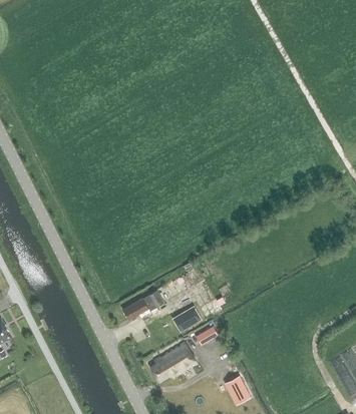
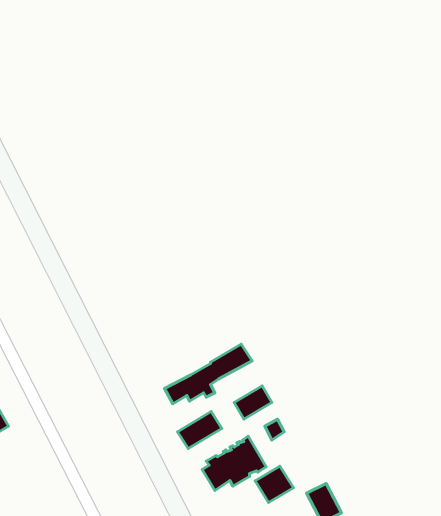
building: none -> [178,412,222,449]
building: none -> [255,466,293,503]

